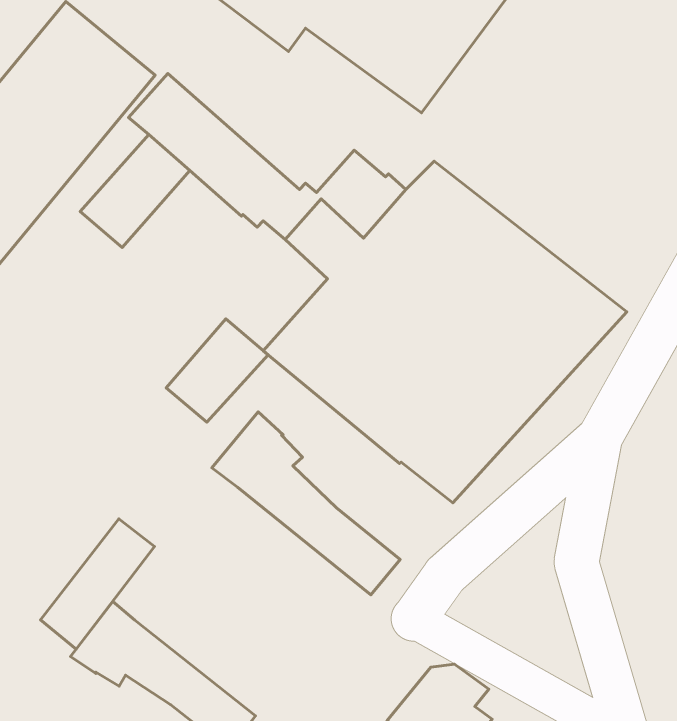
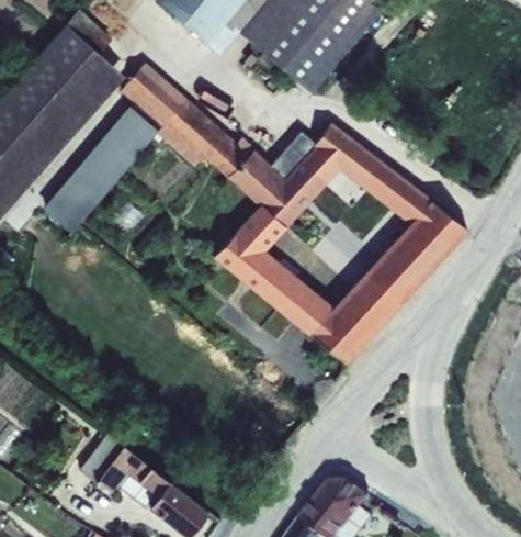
building: [166,319,268,422] -> [42,159,113,232]
building: [212,412,400,595] -> none
building: [40,519,154,649] -> none

